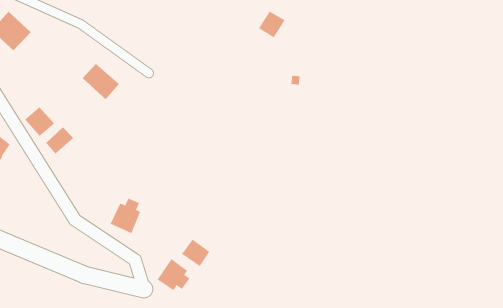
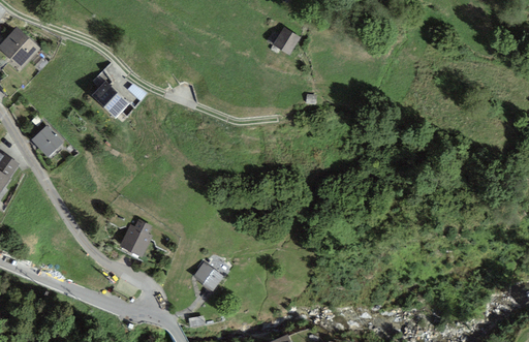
building: [45,127,74,155] -> none
building: [157,258,190,291] -> none

